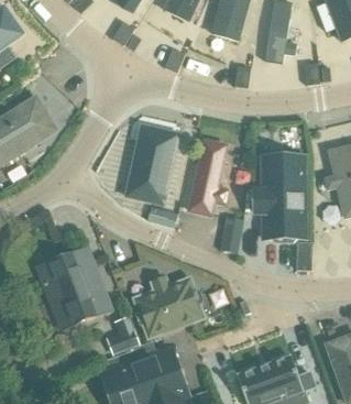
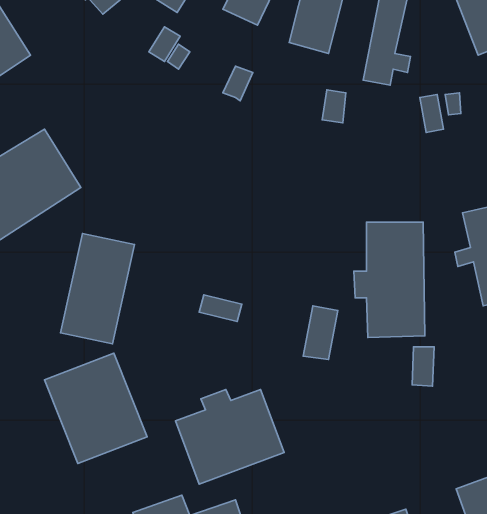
building: [127,125,178,203] -> [61,233,135,344]
building: [189,140,229,215] -> none
building: [107,315,140,354] -> none

